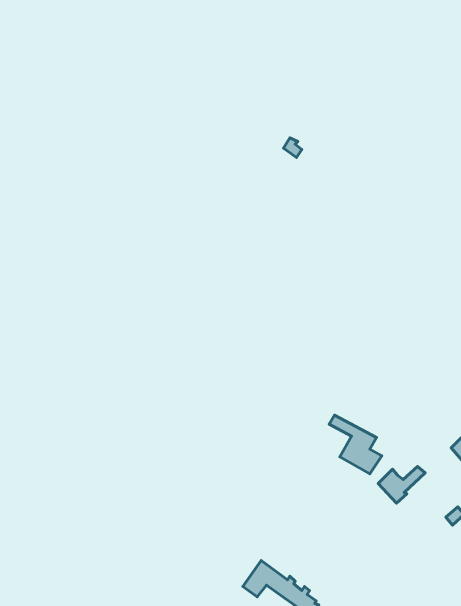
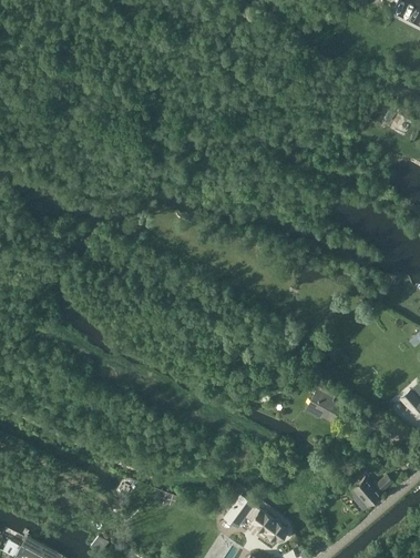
building: [378,466,425,503] -> [352,475,392,506]

